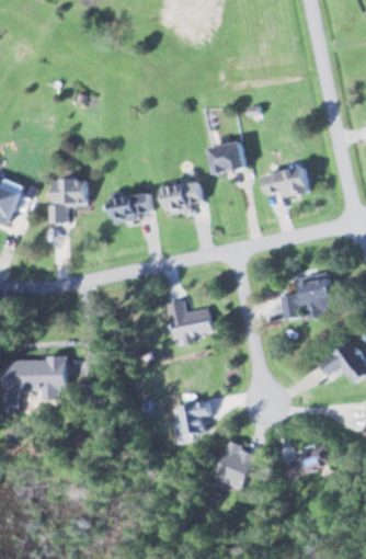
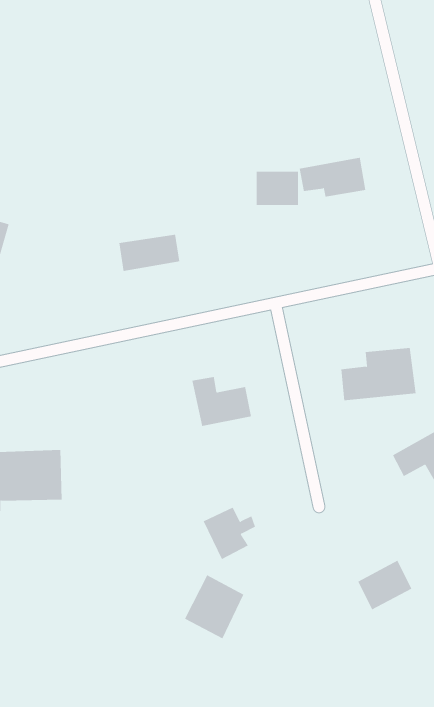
building: [260,167,311,197] -> [299,157,366,197]
building: [48,178,90,223] -> none
building: [160,183,202,208] -> none
building: [213,442,259,491] -> [184,575,244,639]

